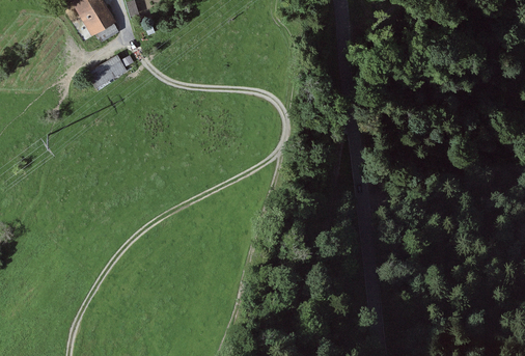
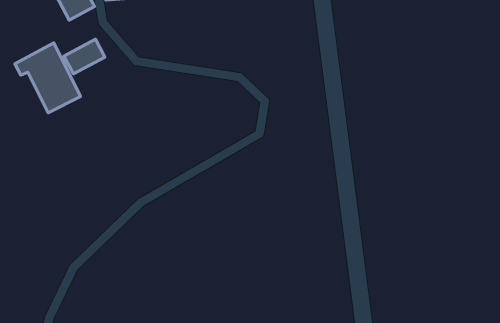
building: none -> [15,43,81,113]

